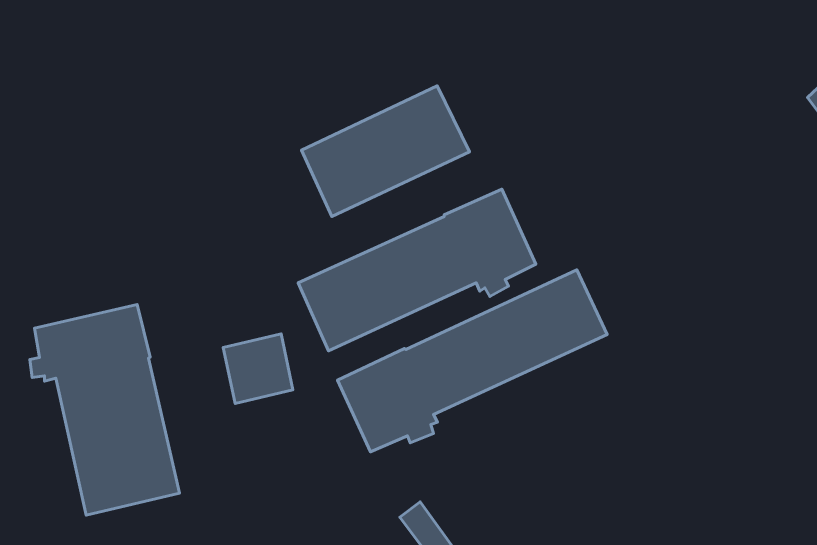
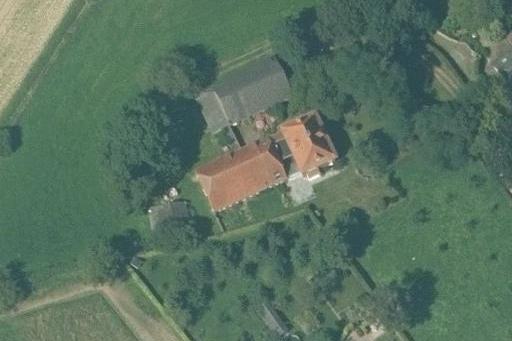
building: [338,270,607,452] -> none
building: [30,304,180,515] -> none

